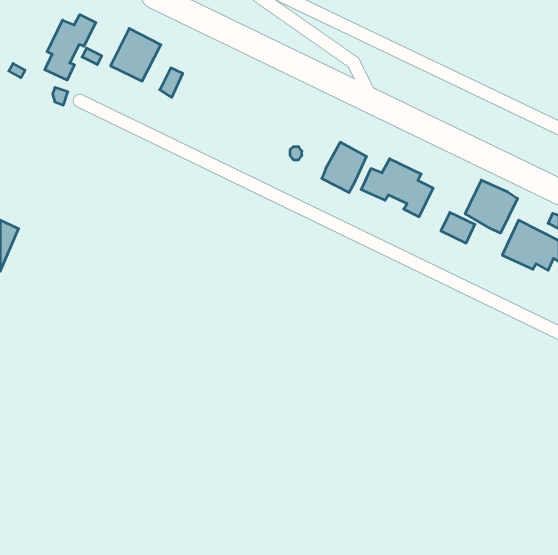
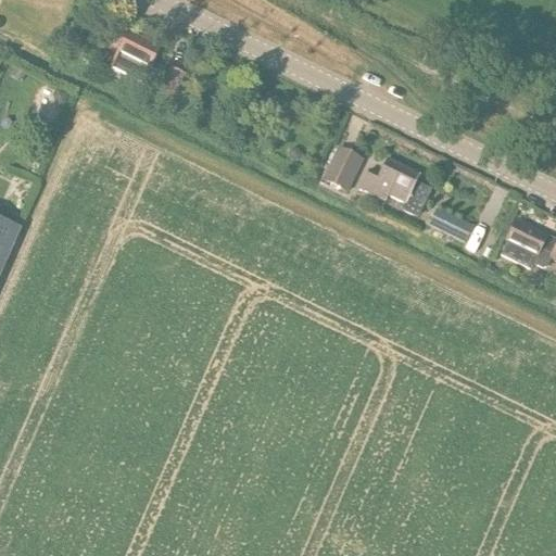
building: [45,15,96,80] -> none
building: [465,180,518,233] -> none

